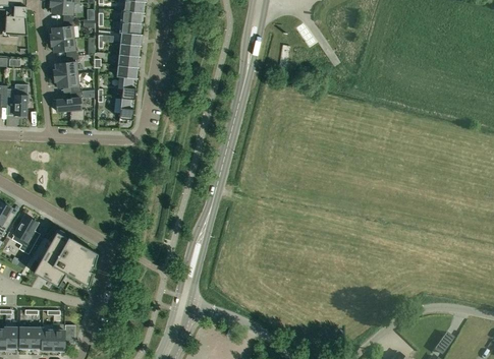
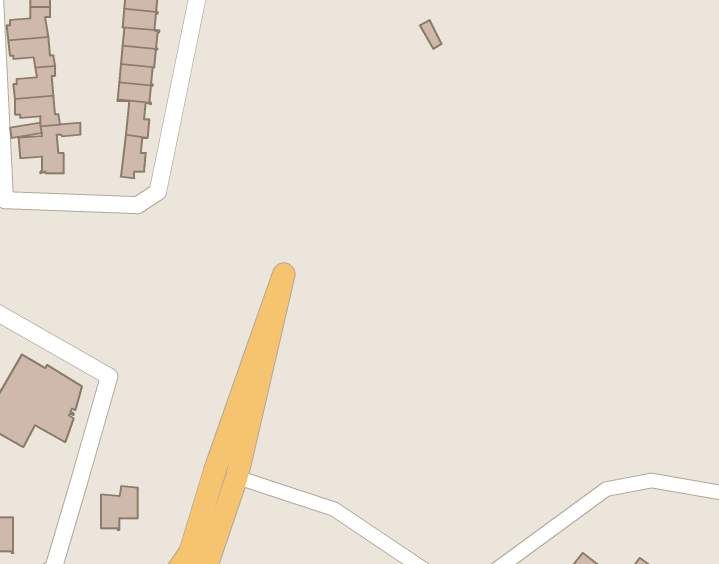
building: [53,324,75,351] -> [101,486,138,530]

